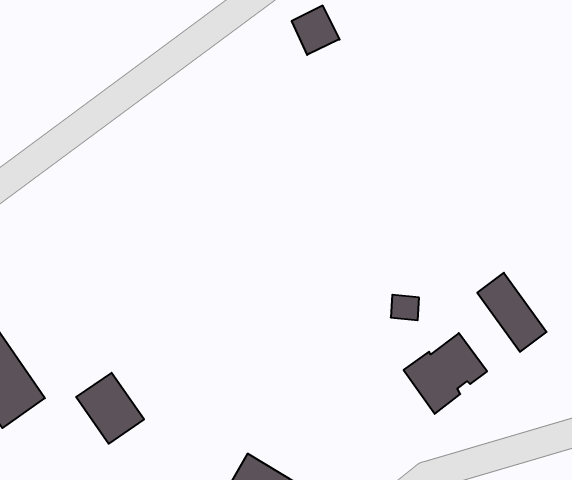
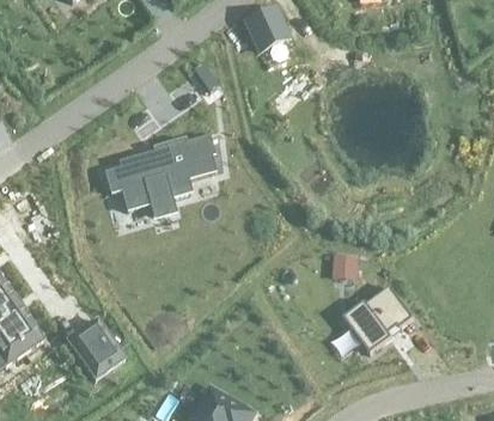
building: none -> [104,135,218,212]
building: [477,273,547,352] -> none

